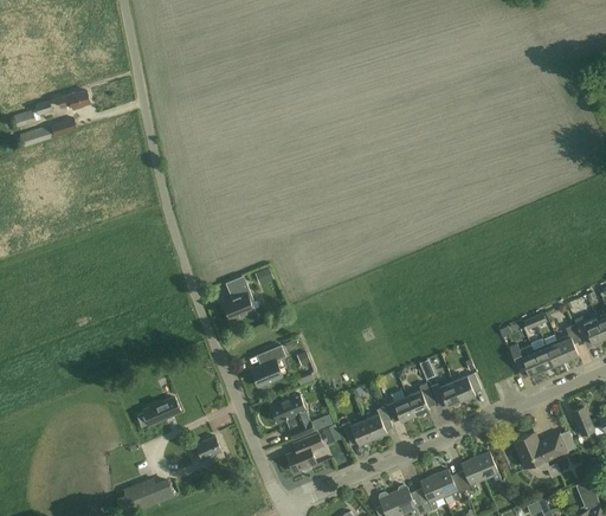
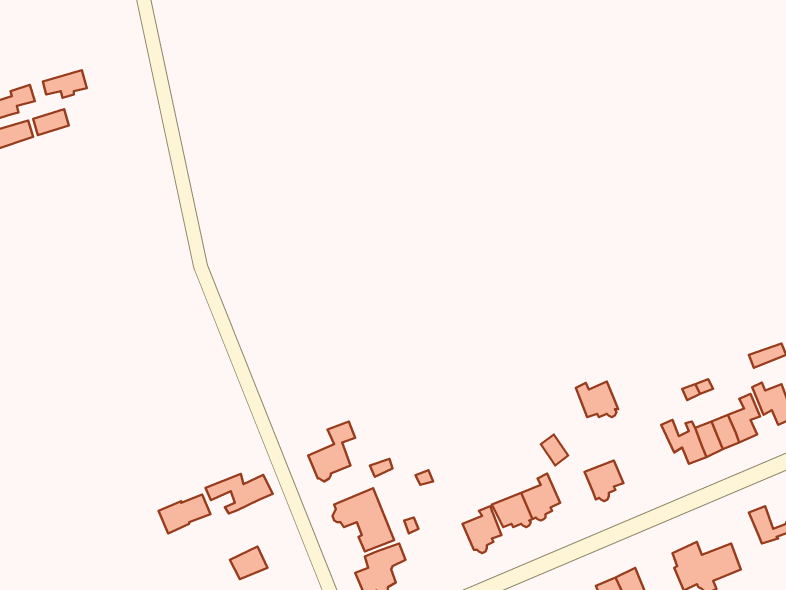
building: [221,283,253,320] -> none
building: [430,381,460,407] -> [576,381,618,417]
building: none -> [205,474,273,513]
building: [341,419,372,445] -> none

